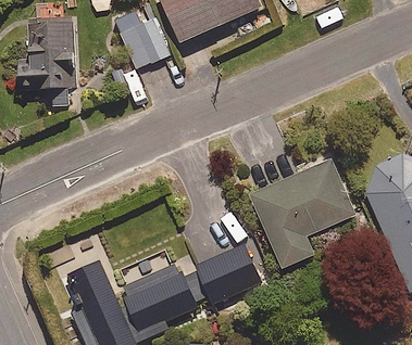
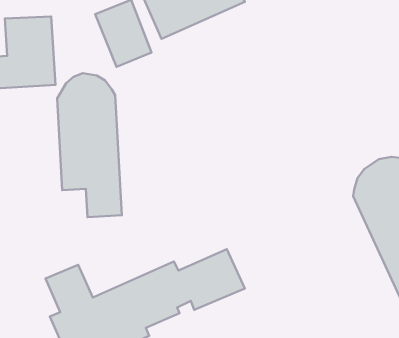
building: none -> [57,73,122,217]
building: [250,158,354,267] -> none

